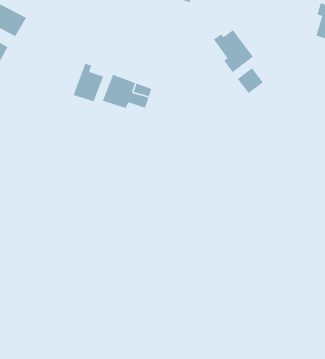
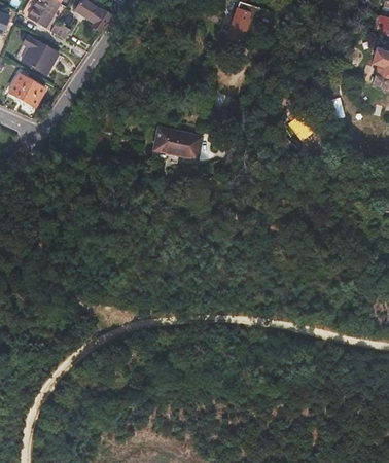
building: [213,29,254,73] -> none
building: [72,62,104,102] -> none

